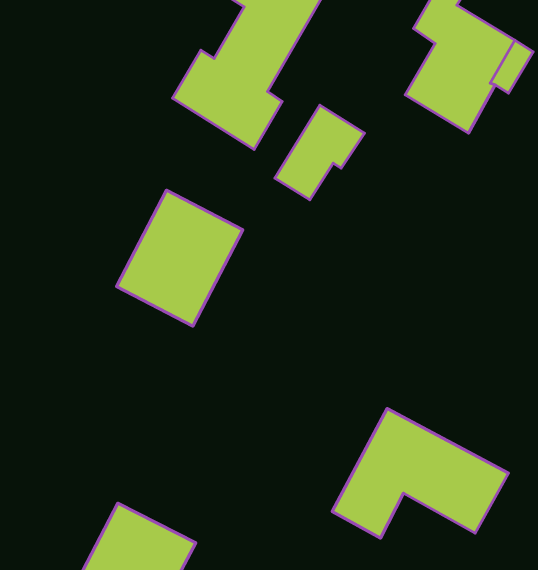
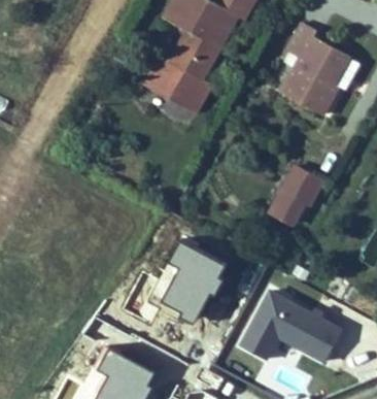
building: [275,105,365,200] -> [259,167,314,226]
building: [117,190,243,326] -> [153,234,232,319]

